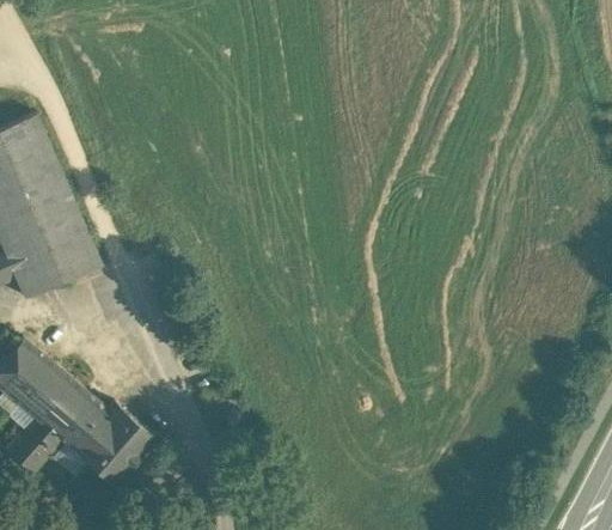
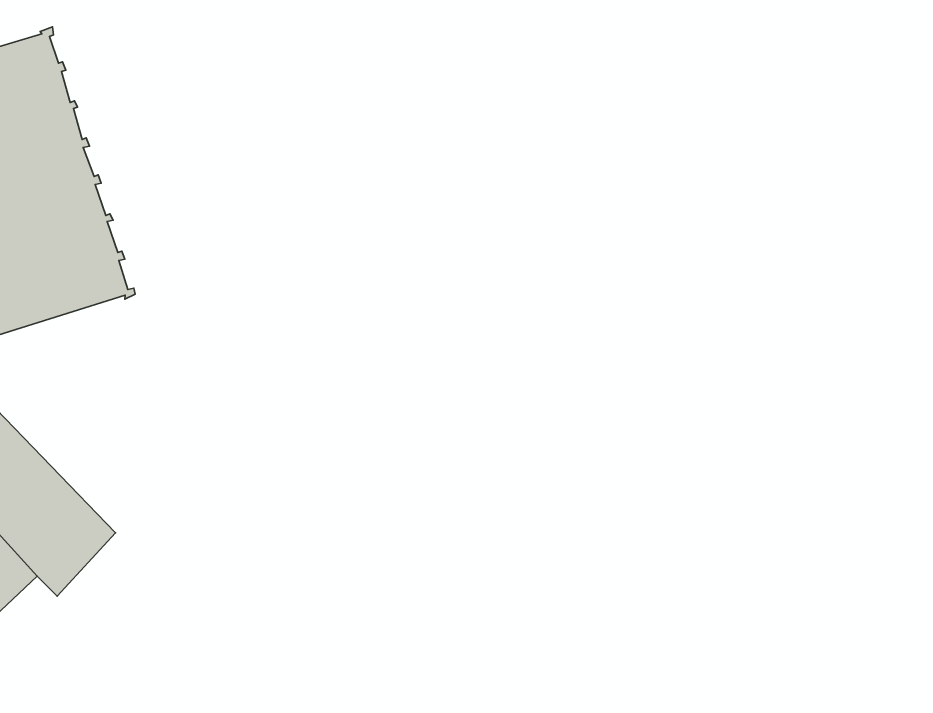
building: [73,403,152,485] -> none

